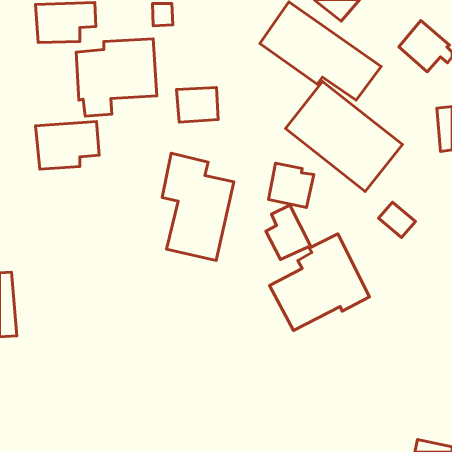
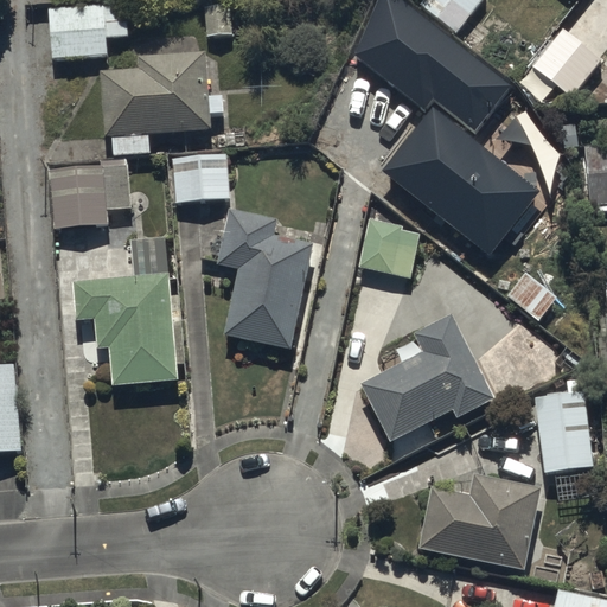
building: [177,88,218,122] -> [173,155,229,202]
building: none -> [75,237,177,382]
building: [266,205,311,260] -> none
building: none -> [536,378,594,471]
building: none -> [421,472,543,569]

